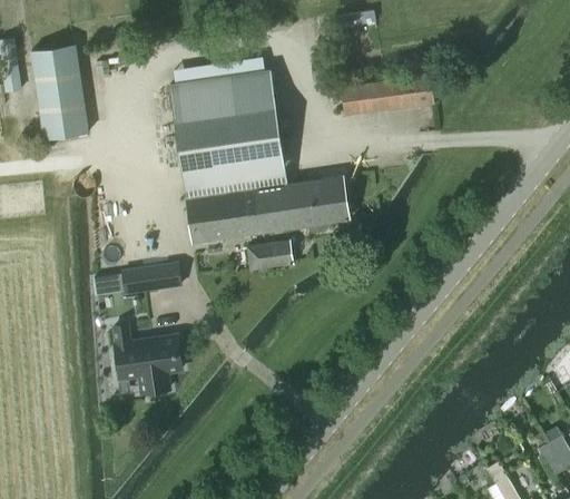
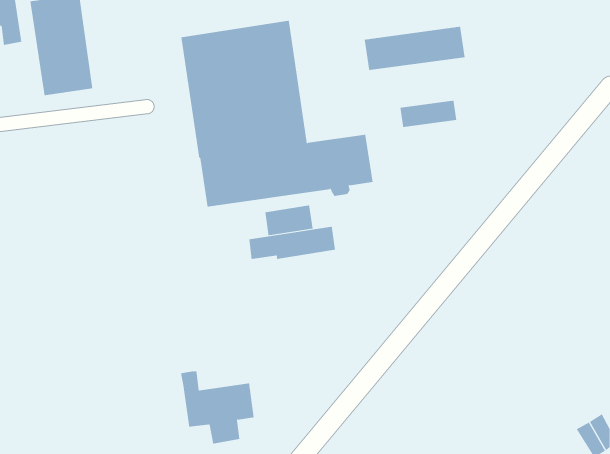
building: none -> [400,100,457,128]
building: [99,262,180,293] -> [249,226,336,260]
building: [112,325,181,393] -> [180,371,255,444]

